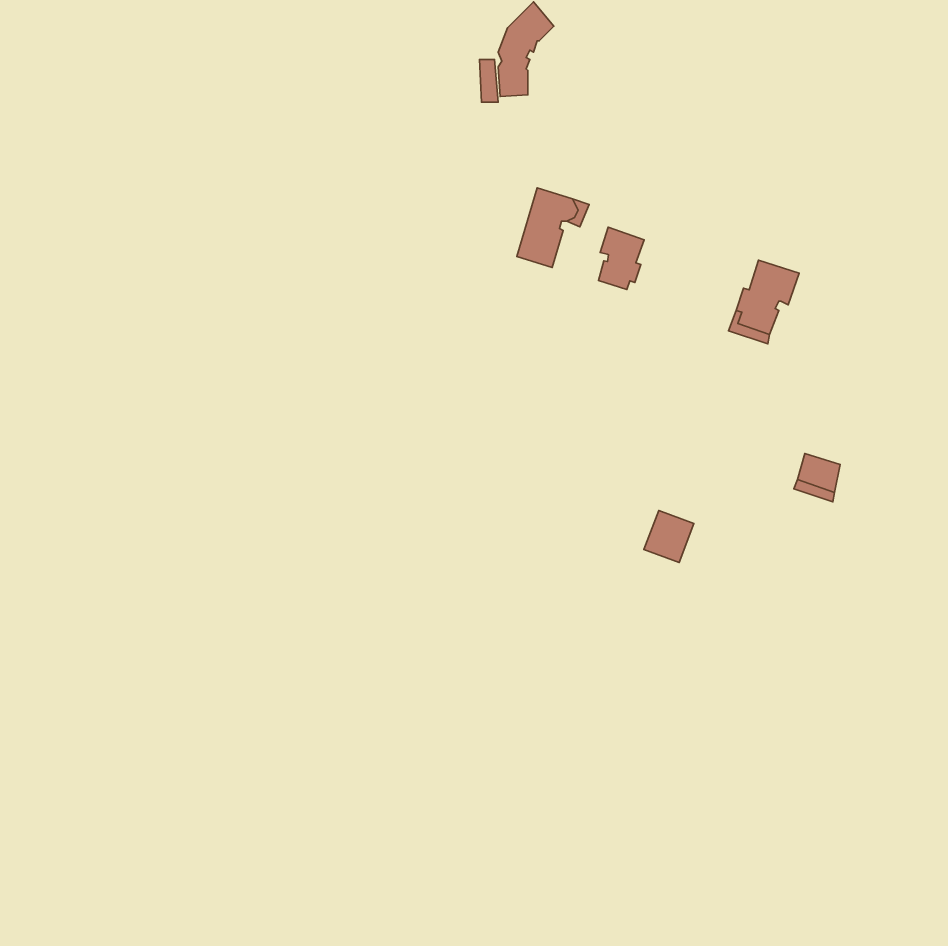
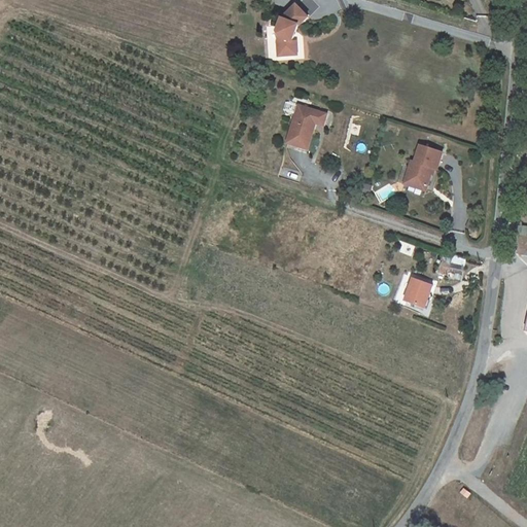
building: [598,227,644,290] -> none
building: [644,510,694,562] -> [405,278,432,307]

